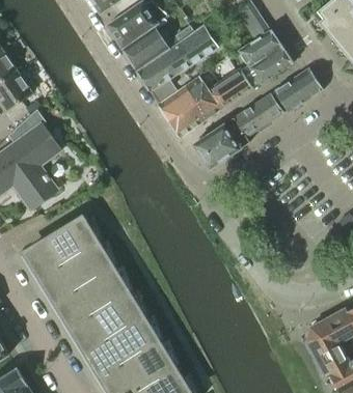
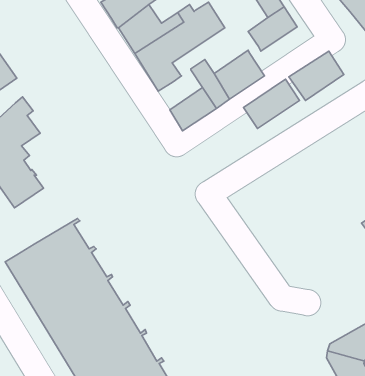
building: [239,47,293,90] -> none
building: [158,84,197,120] -> none
building: [195,118,250,167] -> none

